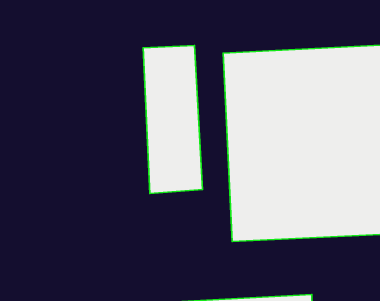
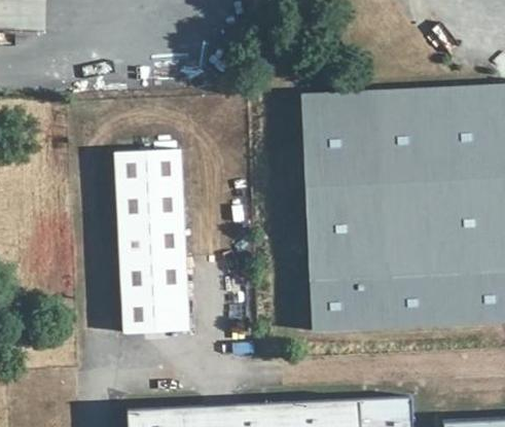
building: [143,45,203,194] -> [114,149,188,333]

